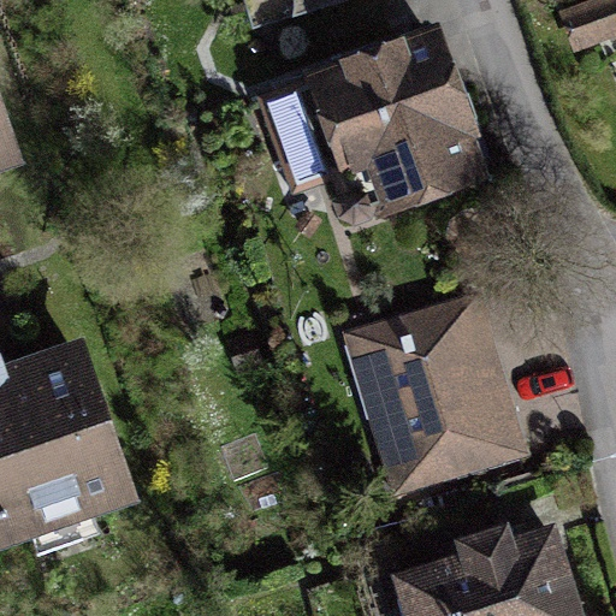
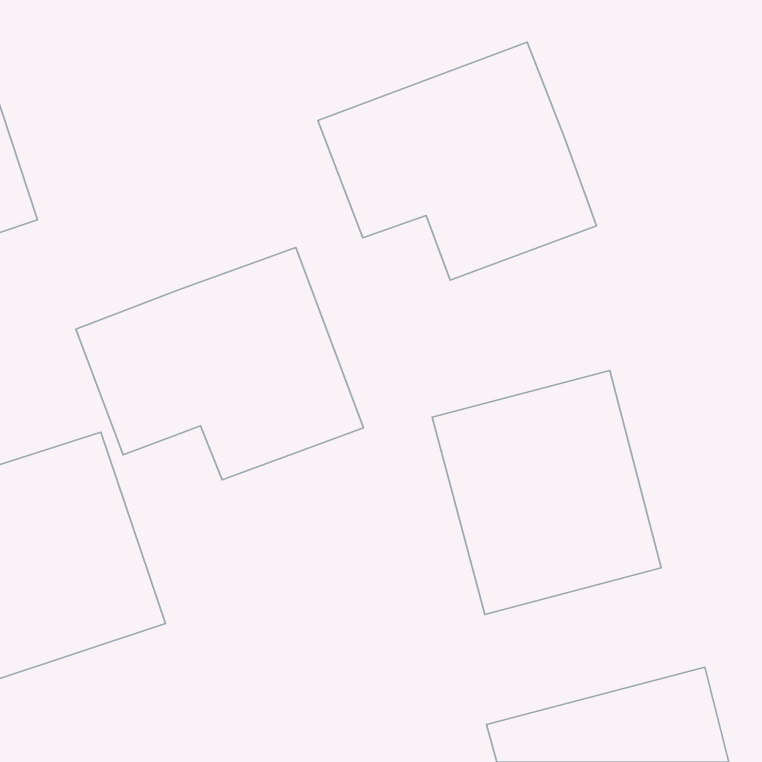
building: none -> [76,247,363,480]

